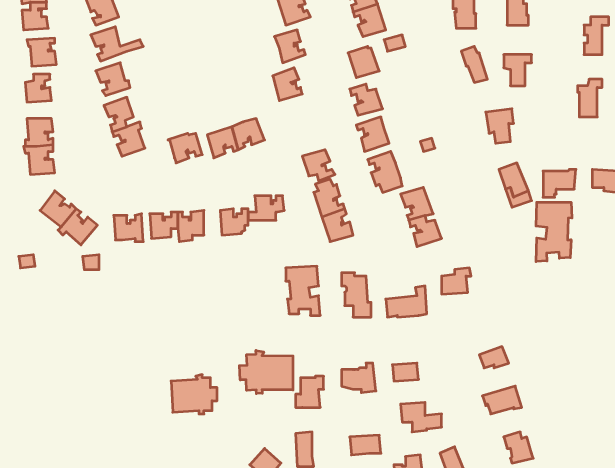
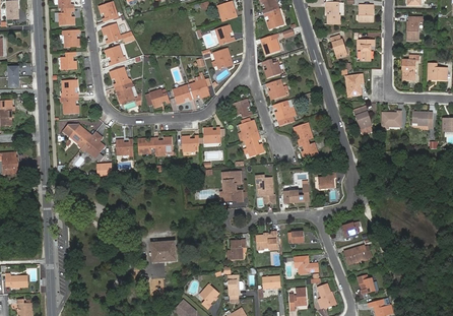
building: [536,202,572,262] -> none
building: [239,350,293,394] -> none

